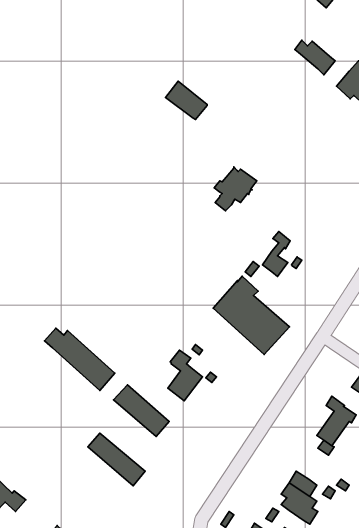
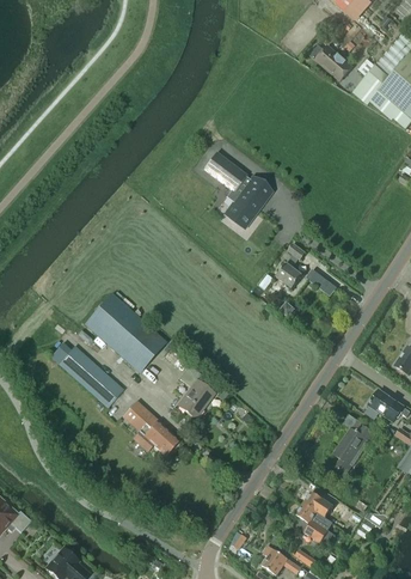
building: [165,81,207,119] -> [203,151,246,190]
building: [213,276,289,354] -> [86,290,165,371]
building: [88,433,145,486] -> none

